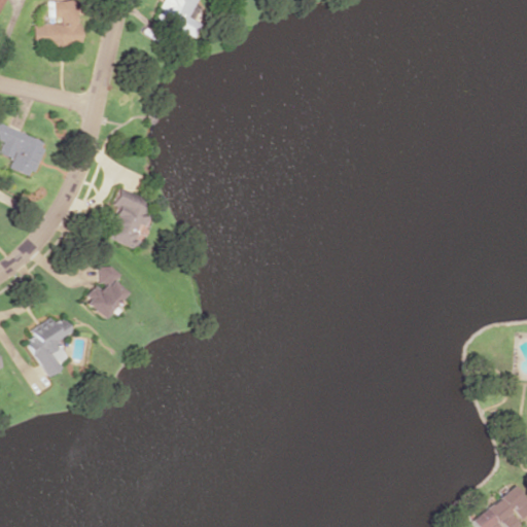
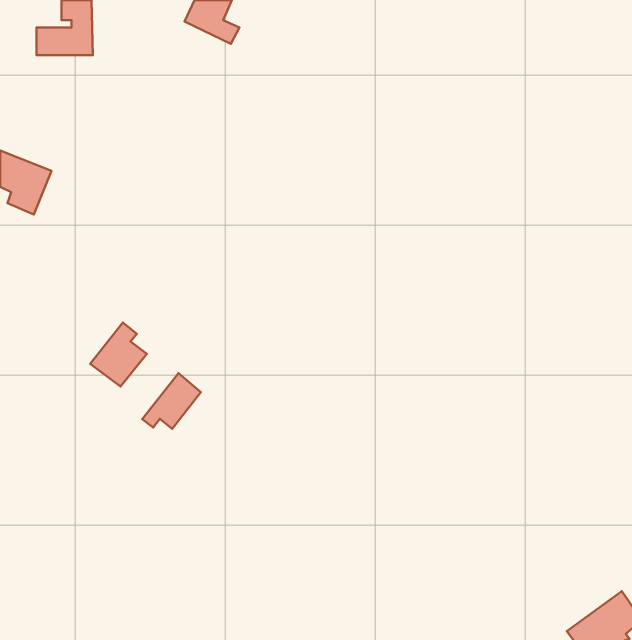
building: [107,189,153,248] -> none
building: none -> [142,373,201,429]
building: [28,318,72,377] -> none

